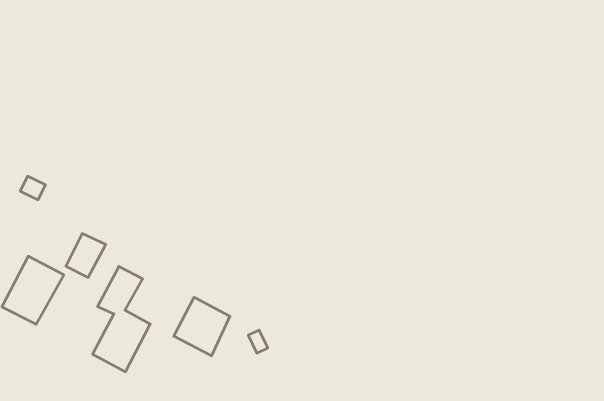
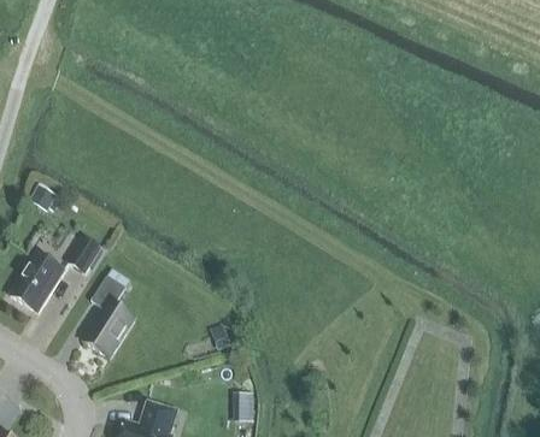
building: [174,297,230,356] -> none

